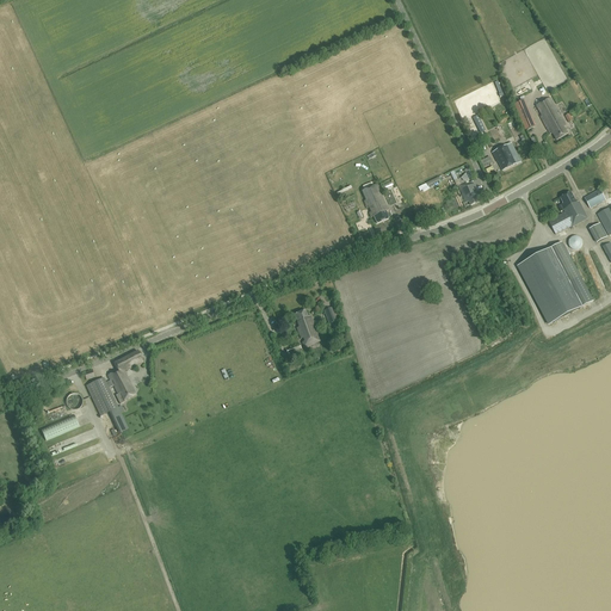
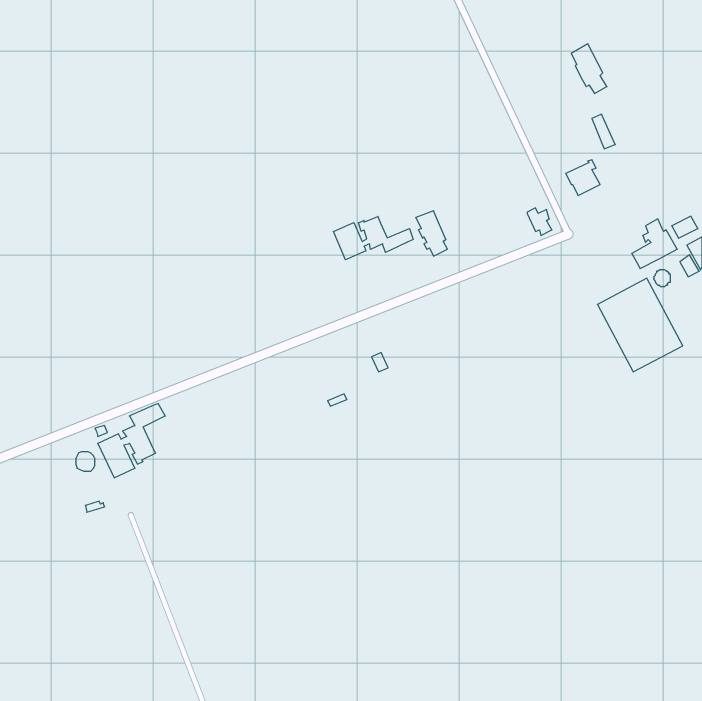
building: [536,95,567,138] -> [571,44,607,93]
building: none -> [333,216,413,260]
building: [294,308,319,345] -> none

